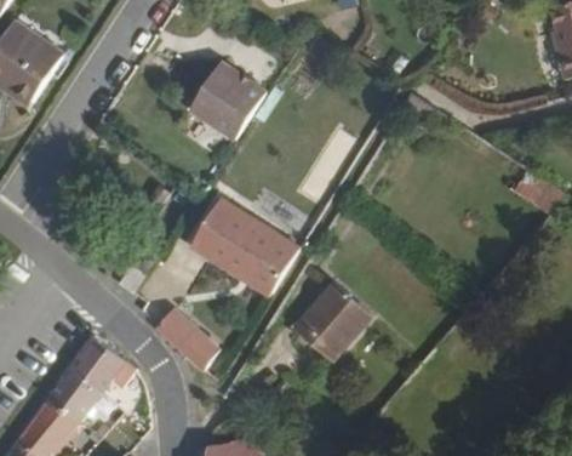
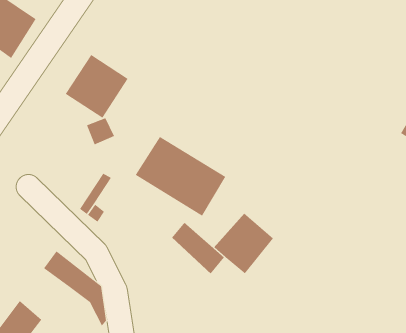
building: [188,58,265,137] -> [65,54,129,119]
building: [154,308,219,372] -> [171,222,225,274]
building: [48,358,109,421] -> none

